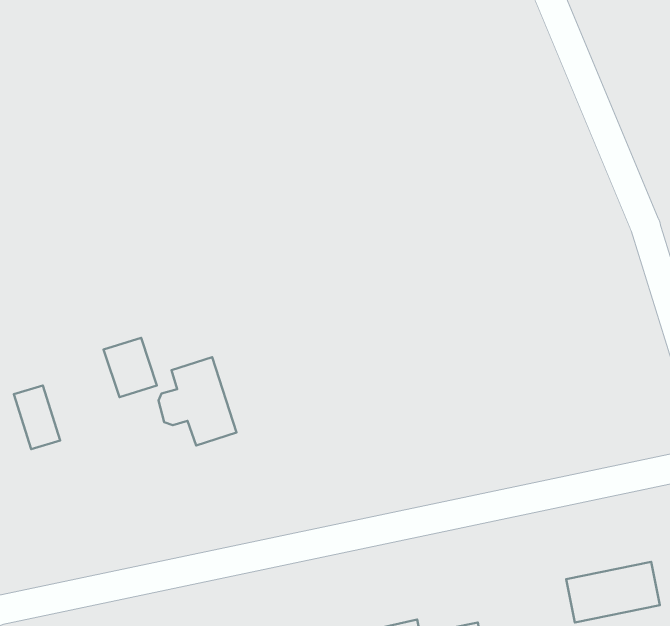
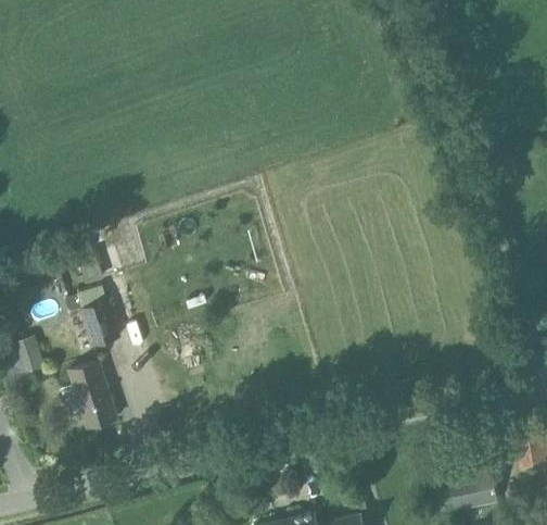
building: [159,357,237,445] -> [59,362,117,428]

